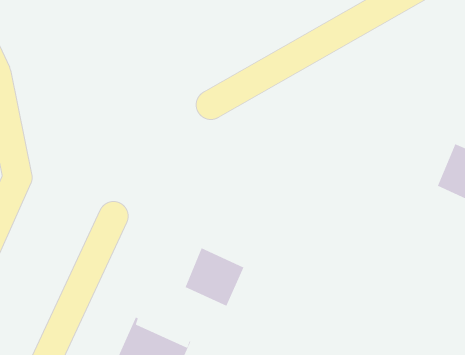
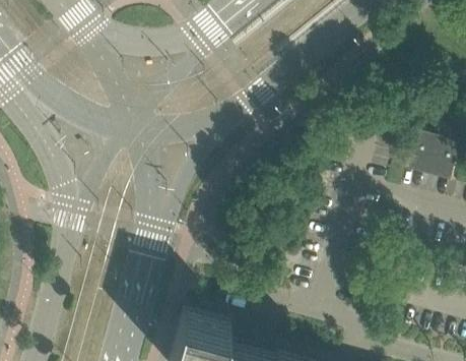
building: [185,247,245,307] -> none

